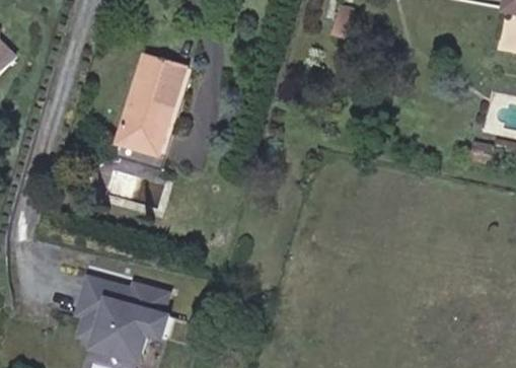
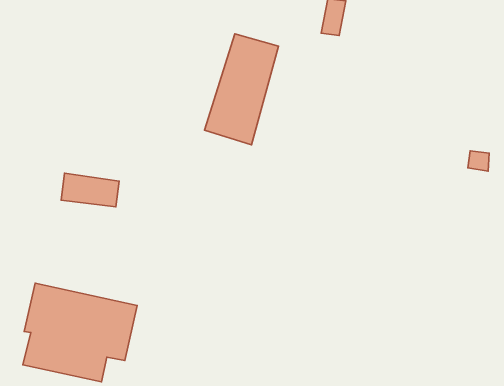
building: [120,55,187,155] -> [205,34,279,145]

